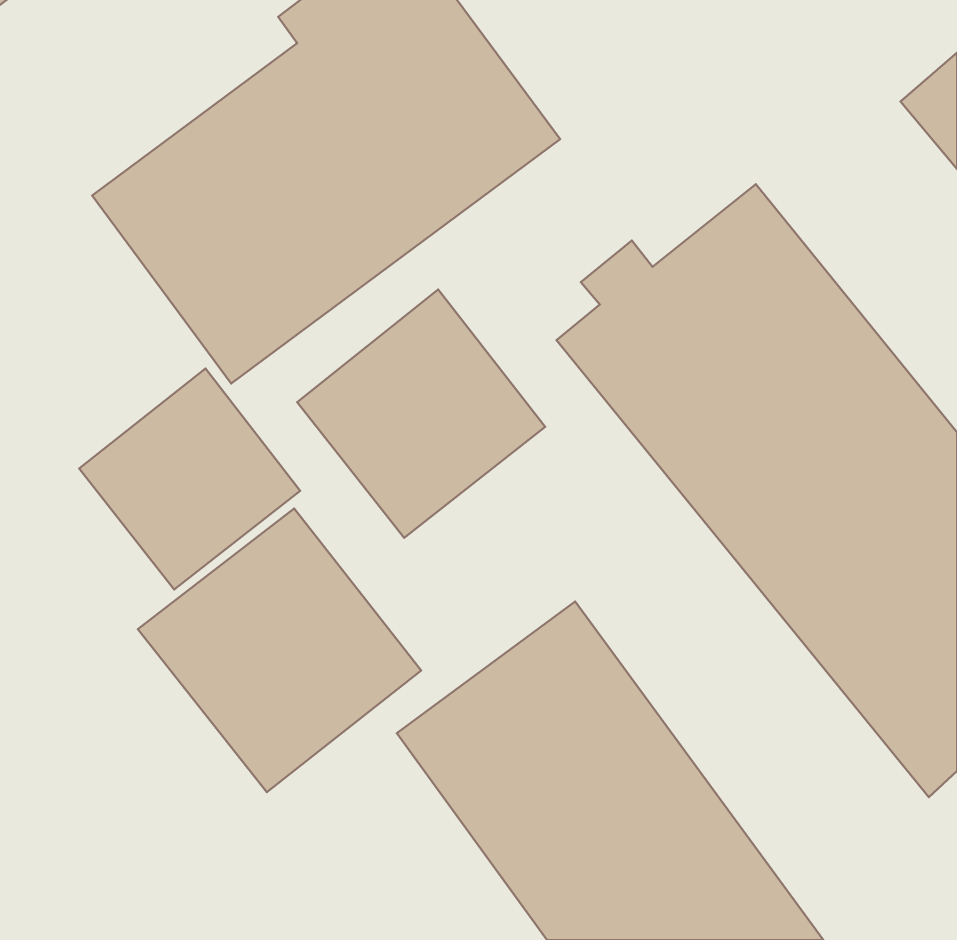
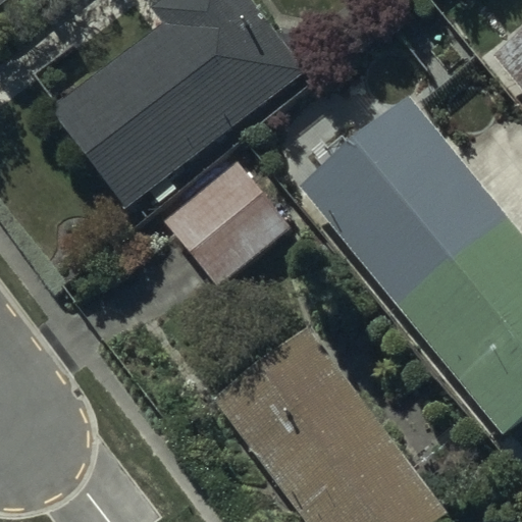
building: [79,368,300,589] -> none
building: [138,508,421,792] -> none

